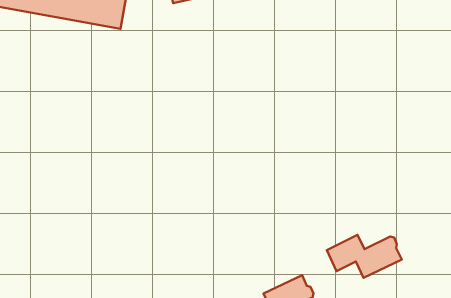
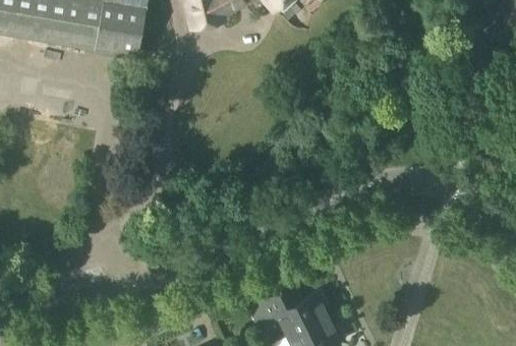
building: [327,235,402,278] -> [249,288,329,334]

